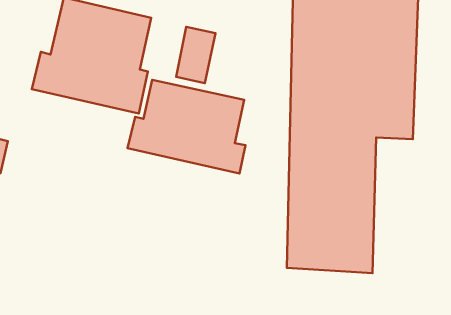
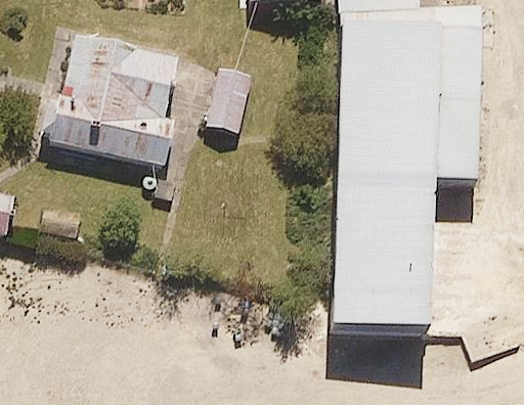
building: [127,80,245,173] -> none

